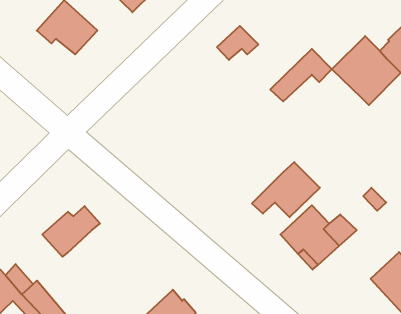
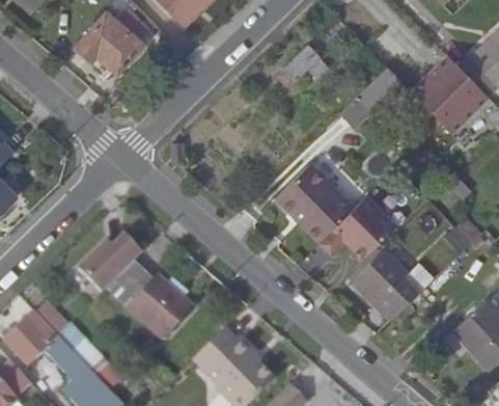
building: none -> [274,159,353,238]
building: none -> [109,268,194,345]

